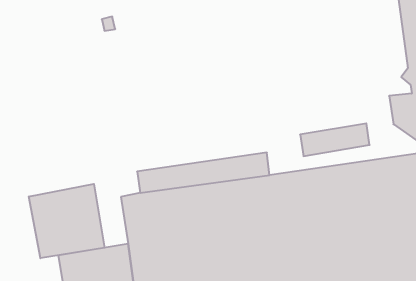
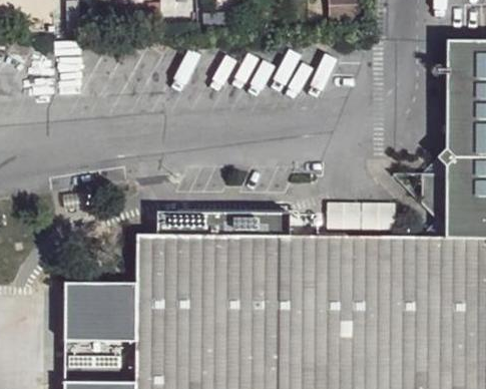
building: [29,184,105,258] -> none

